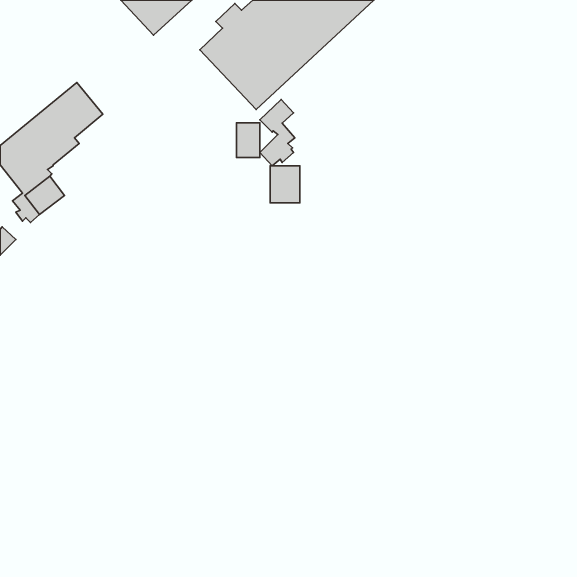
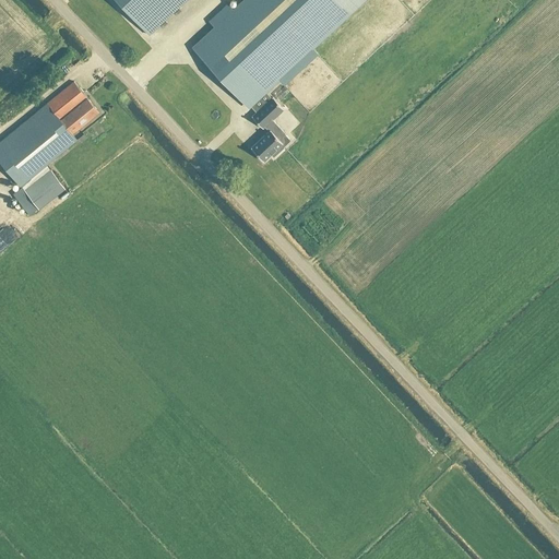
building: [236,123,260,158] -> none
building: [270,166,300,203] -> none

